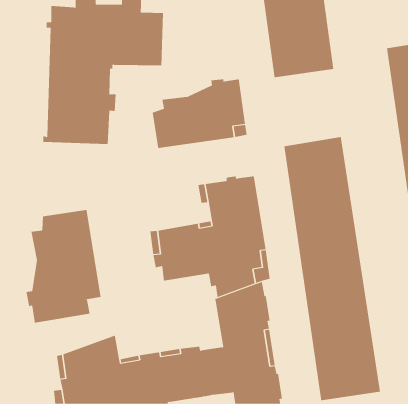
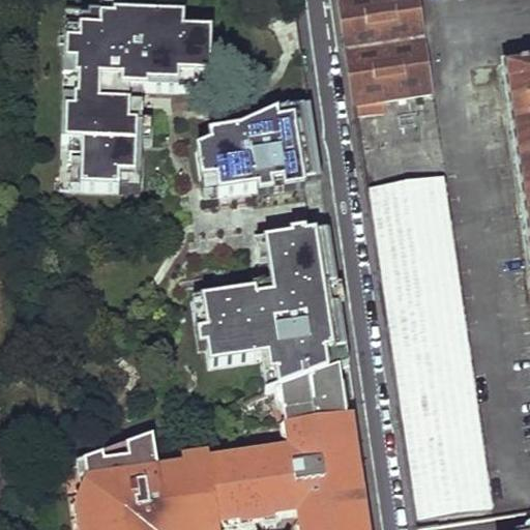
building: [26,209,101,324] -> none

